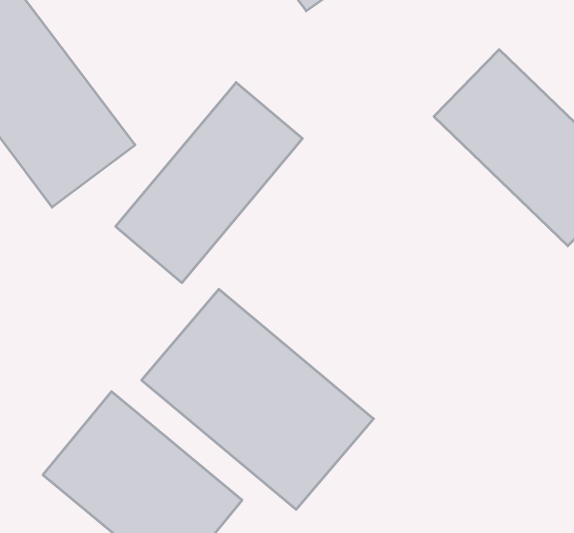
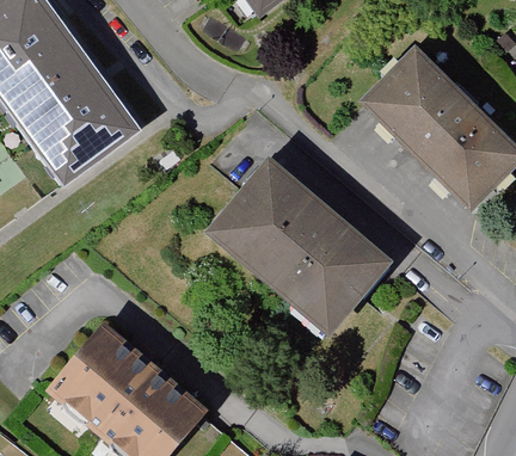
building: [116,82,302,283] -> none
building: [142,289,374,509] -> [211,162,398,339]

